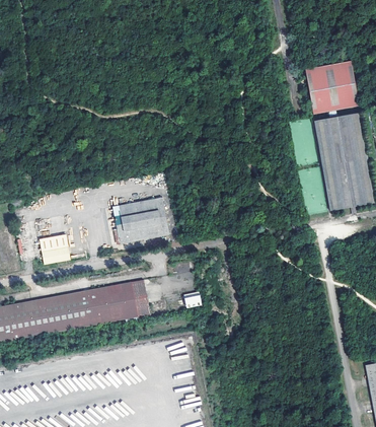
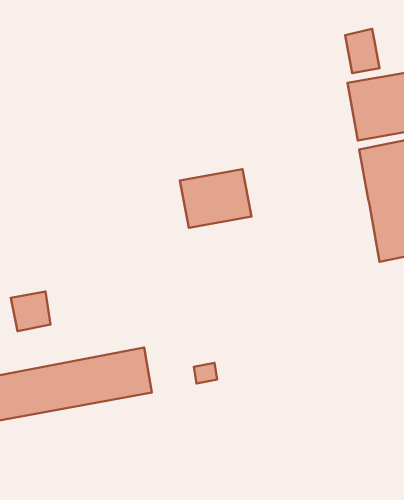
building: none -> [345,29,379,73]
building: [111,197,168,243] -> [180,169,252,228]

